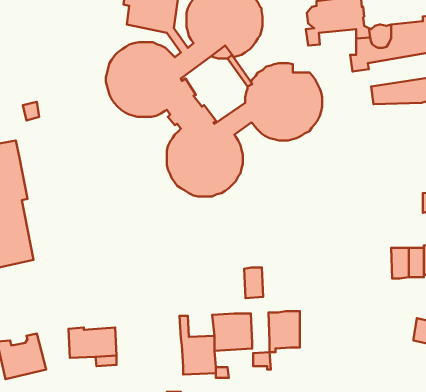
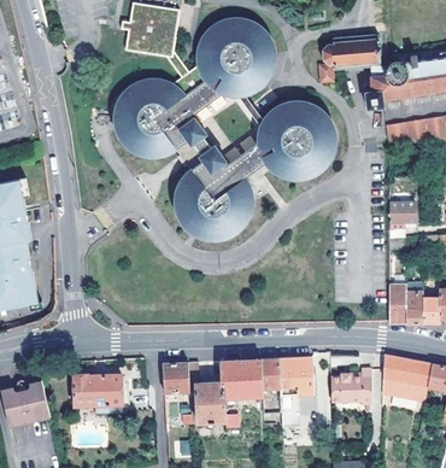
building: none -> [388,201,415,238]
building: none -> [388,281,407,323]
building: [244,268,263,298] -> [262,358,281,390]
building: none -> [382,356,433,411]
building: none -> [164,362,190,392]
building: none -> [331,368,374,402]

